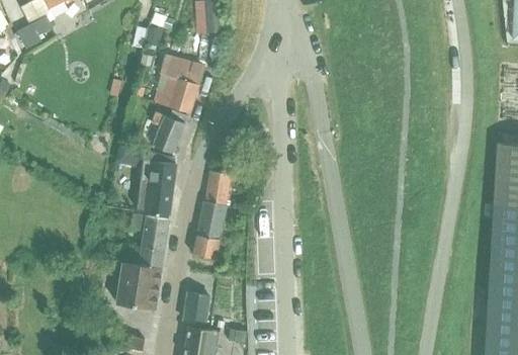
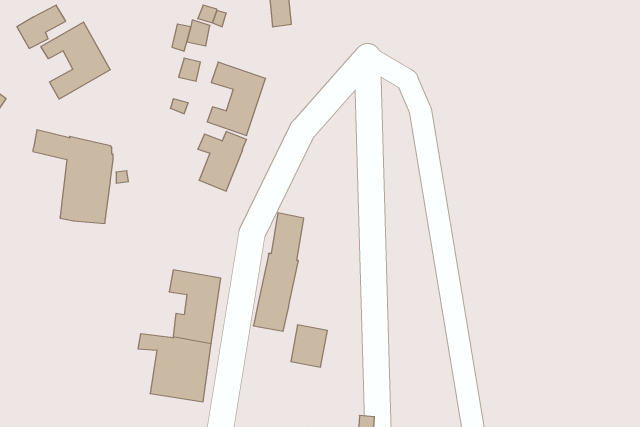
building: none -> [41,22,110,99]
building: [116,145,176,214] -> [33,130,113,223]
building: [183,293,210,325] -> [291,325,327,367]

